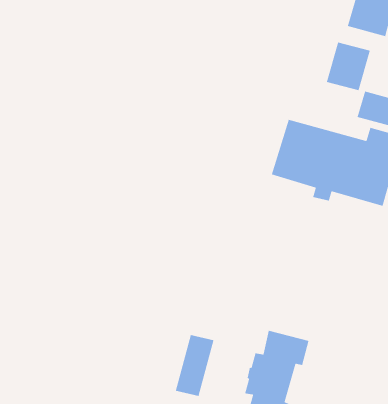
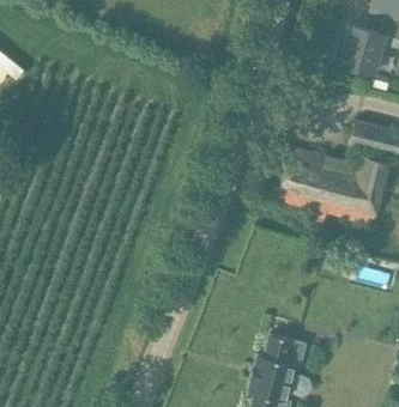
building: [326,41,371,91] -> none
building: [175,334,214,397] -> none

